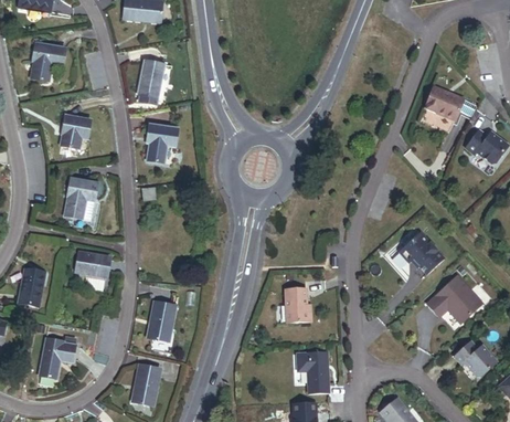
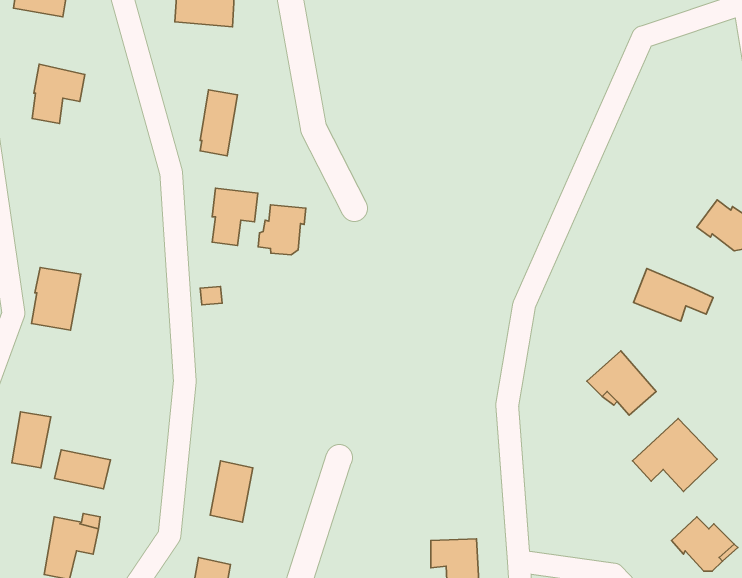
building: [424,84,476,118] -> [633,269,713,321]
building: [63,116,92,149] -> none
building: none -> [258,205,306,255]
building: [67,180,99,221] -> [32,268,81,330]
building: [76,253,113,278] -> [54,450,110,489]
building: [284,288,310,321] -> none

